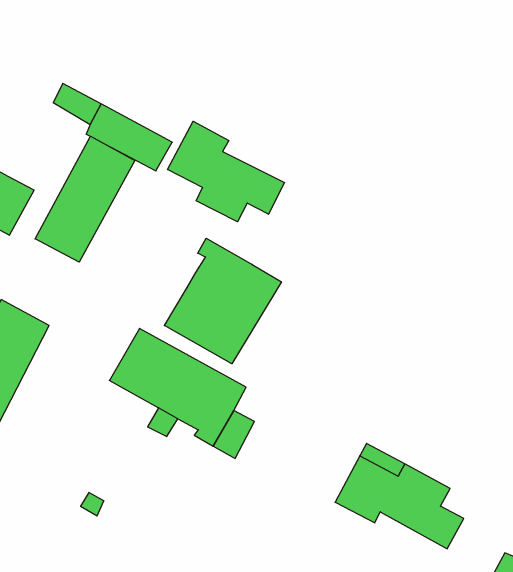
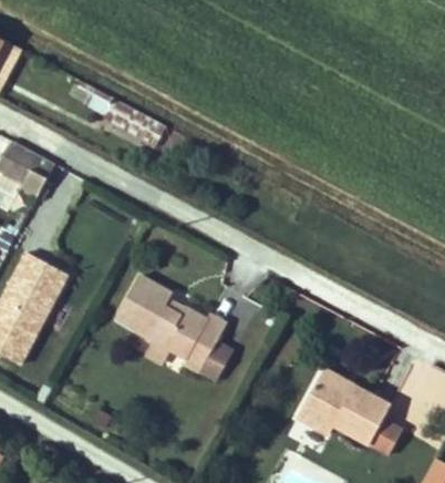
building: [168,121,285,222] -> none
building: [35,136,135,262] -> none
building: [164,238,281,364] -> none

